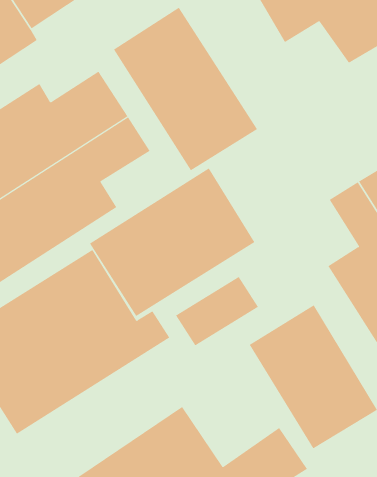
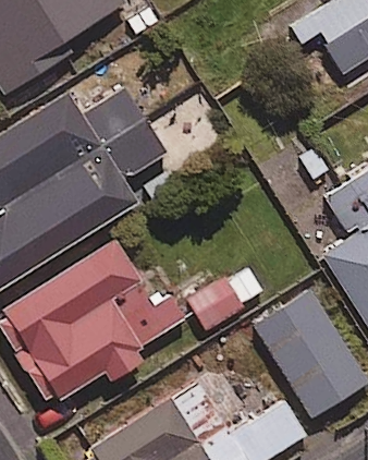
building: [113,7,258,171] -> none
building: [89,167,255,317] -> none

